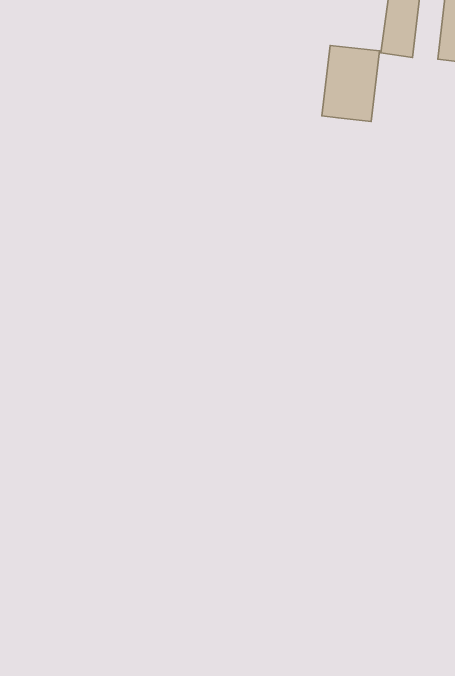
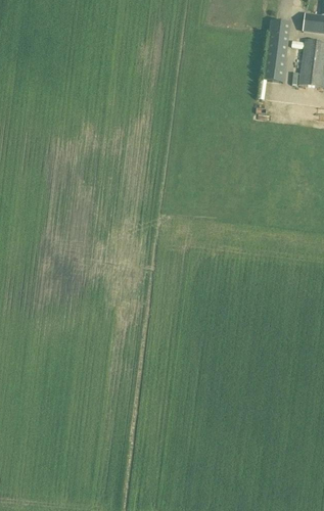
building: [322,45,379,121] -> none

